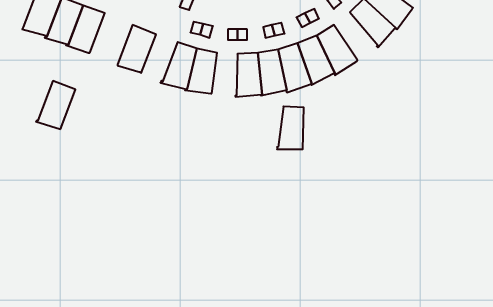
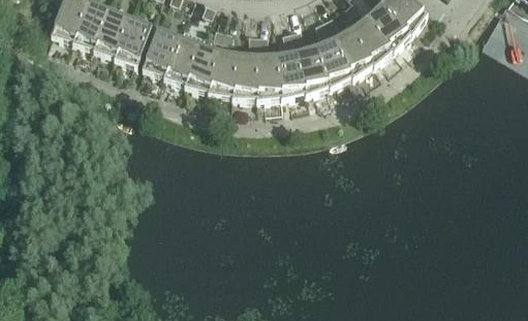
building: none -> [349,18,392,66]
building: none -> [161,39,198,85]
building: [36,81,75,129] -> [112,19,150,65]
building: [277,106,304,149] -> [230,57,256,98]

